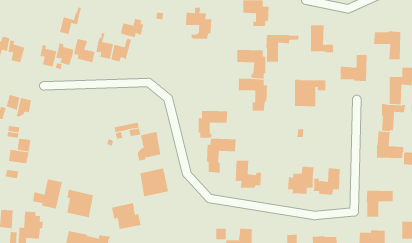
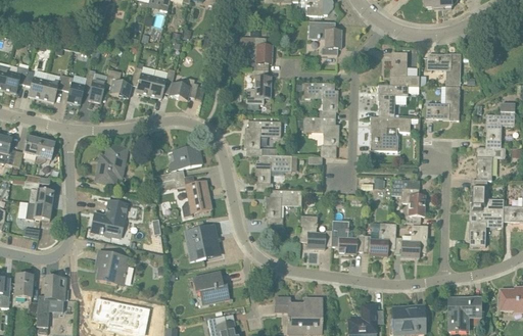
building: [59,7,82,35] -> [41,66,68,100]
building: [120,18,144,38] -> [169,76,197,99]
building: [373,31,401,60] -> [427,52,461,87]
building: [265,34,299,62] -> [378,84,419,117]
building: none -> [245,68,271,102]
building: none -> [244,119,280,154]
building: none -> [169,143,201,169]
building: none -> [95,144,126,184]
building: none -> [390,178,425,222]
building: none -> [331,220,364,253]
building: [32,179,63,209] -> [91,199,129,236]
building: [366,190,394,217] -> [469,211,503,244]
building: [111,202,142,229] -> [192,271,229,303]

